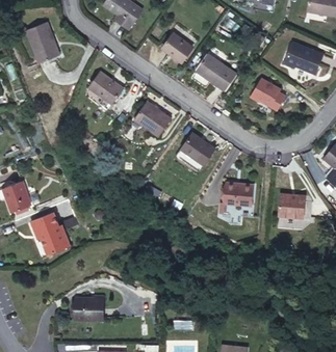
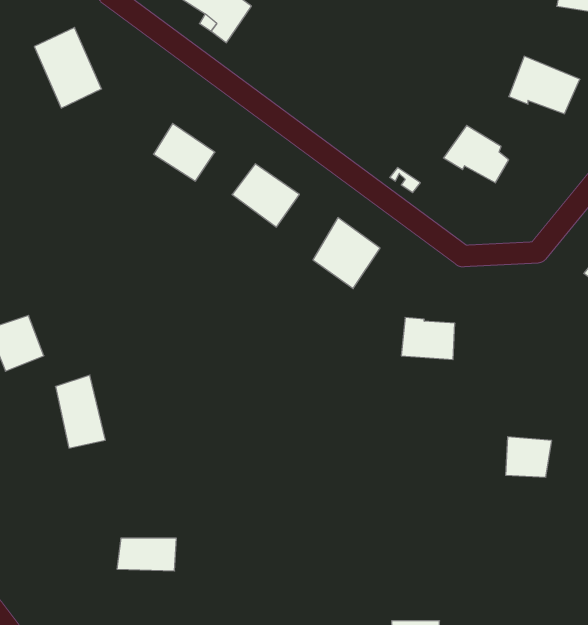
building: [162,36,191,64] -> none
building: [196,57,235,93] -> none
building: [279,194,304,216] -> [506,437,552,477]

